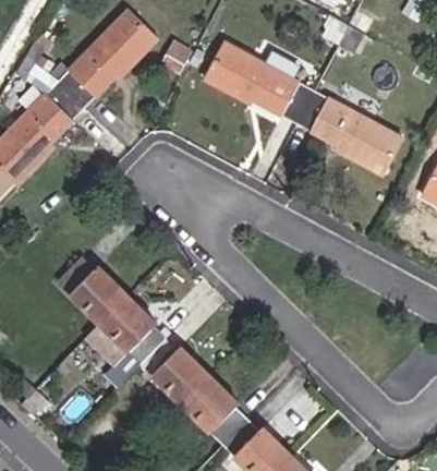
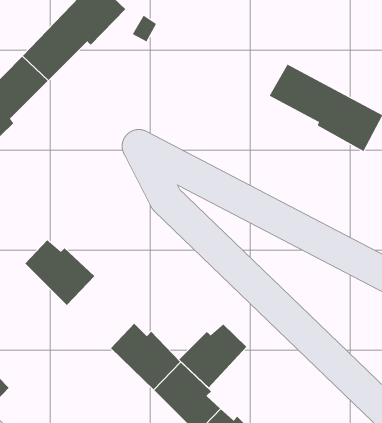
building: [205,44,311,121] -> none
building: [90,293,165,372] -> none
building: none -> [179,323,247,388]

